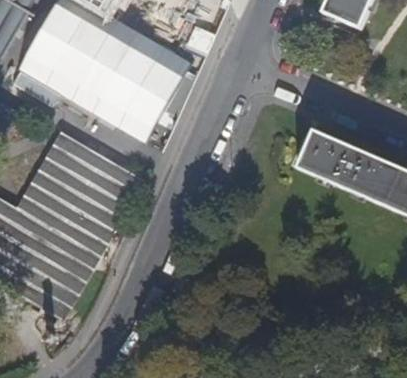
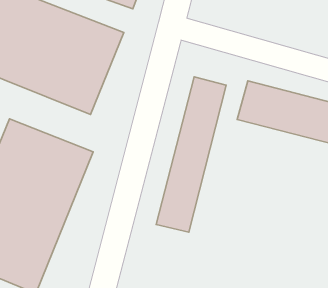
building: none -> [156,77,226,232]

